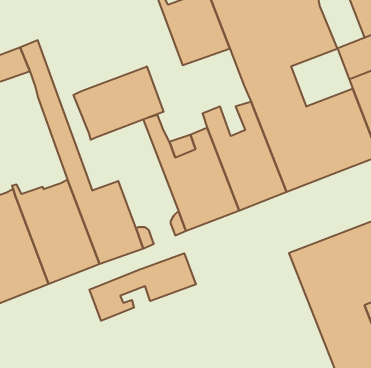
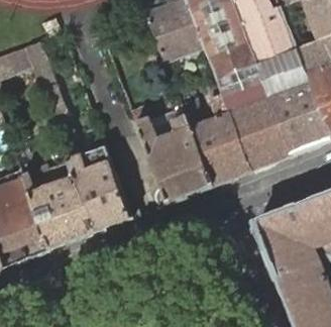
building: none -> [256,47,309,97]
building: [73,66,163,140] -> none
building: [89,253,196,321] -> none

